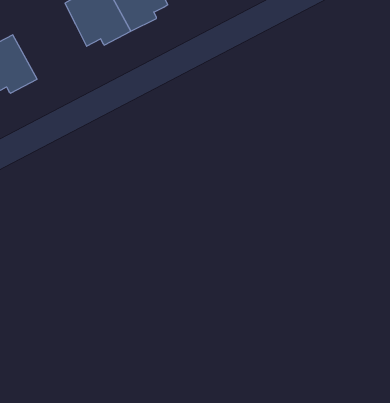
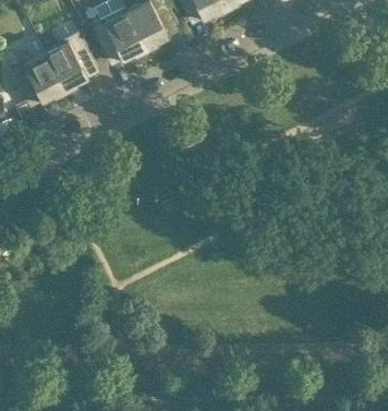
building: none -> [45,33,97,93]

